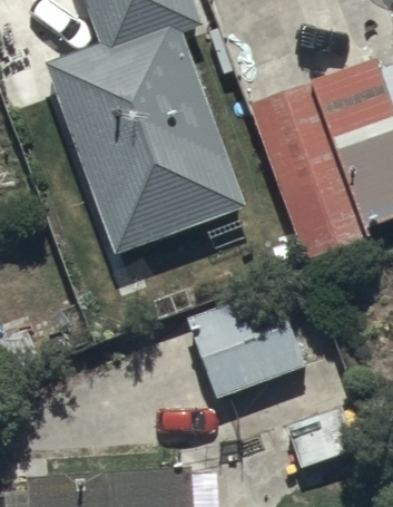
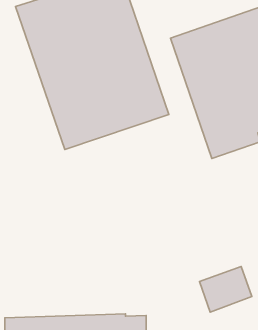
building: [186,287,304,400] -> none

